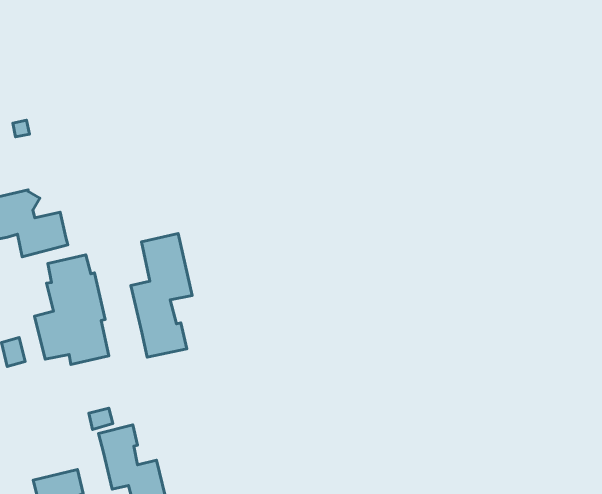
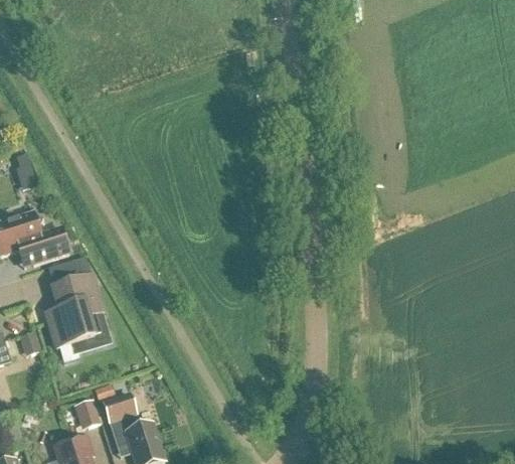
building: [131,234,192,357] -> none
building: none -> [74,399,101,429]

